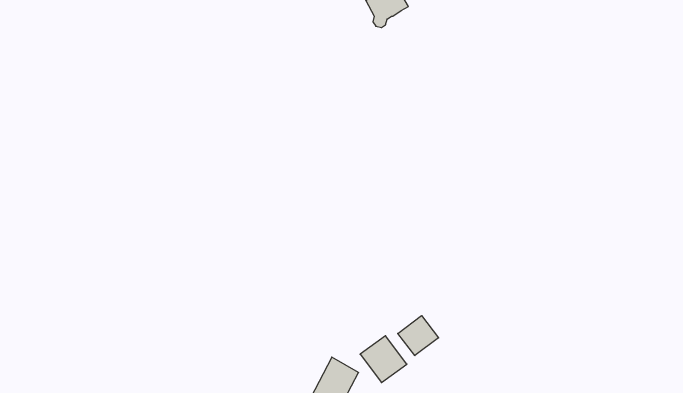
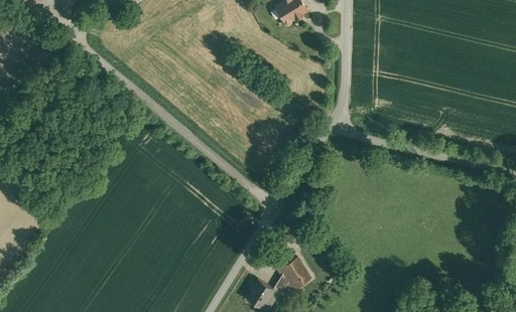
building: [398,316,439,356] -> none

